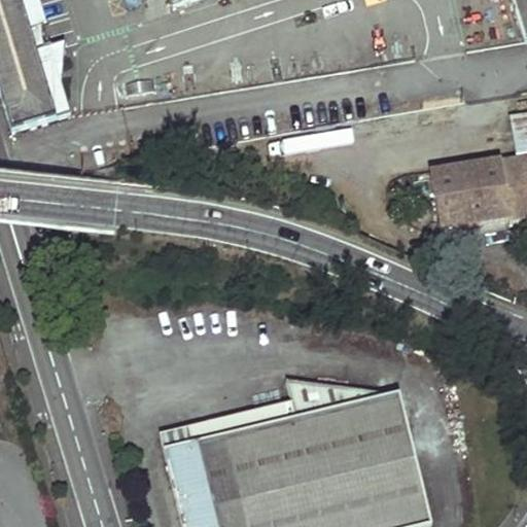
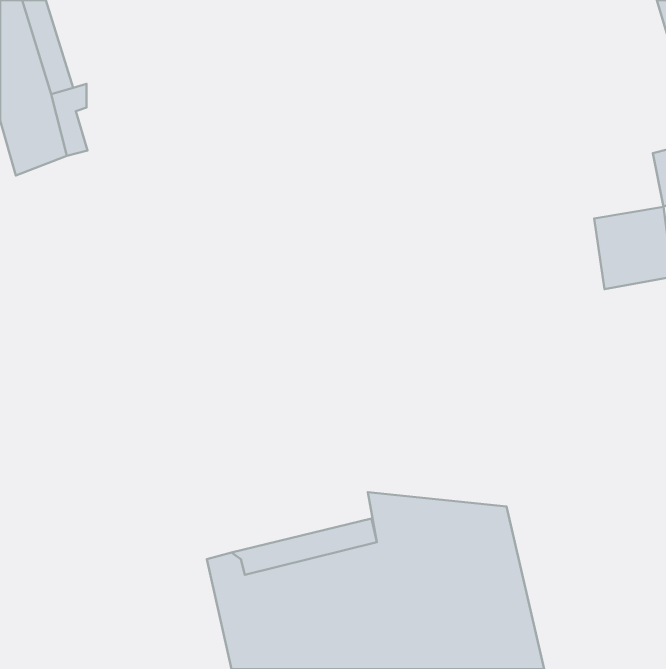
building: [427,147,478,234] -> none

